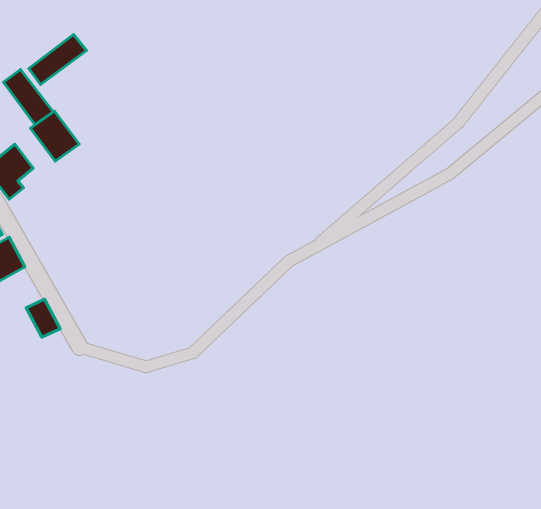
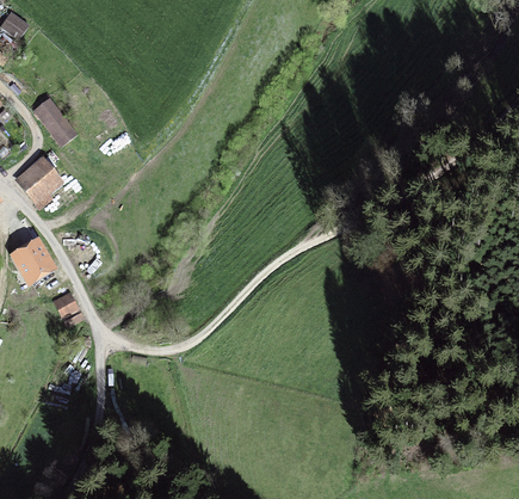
building: [29,34,87,84] -> none
building: [30,111,79,161] -> none

